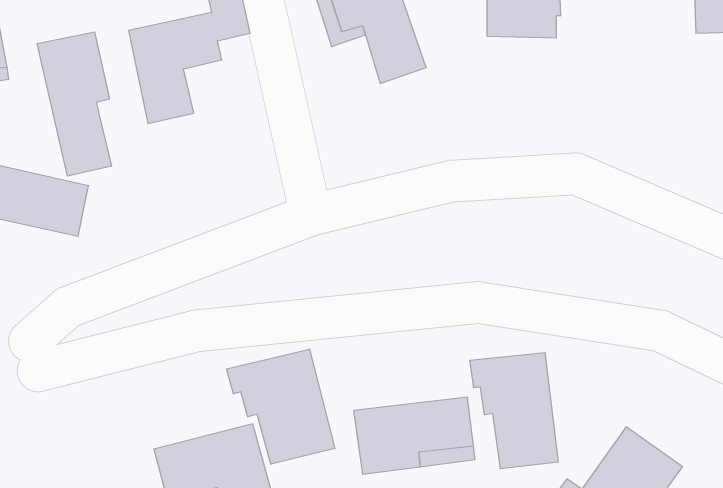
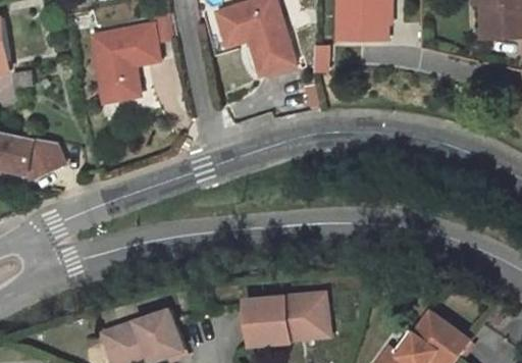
building: [37,32,111,176] -> none
building: [227,349,335,464] -> none
building: [470,352,558,469] -> none

